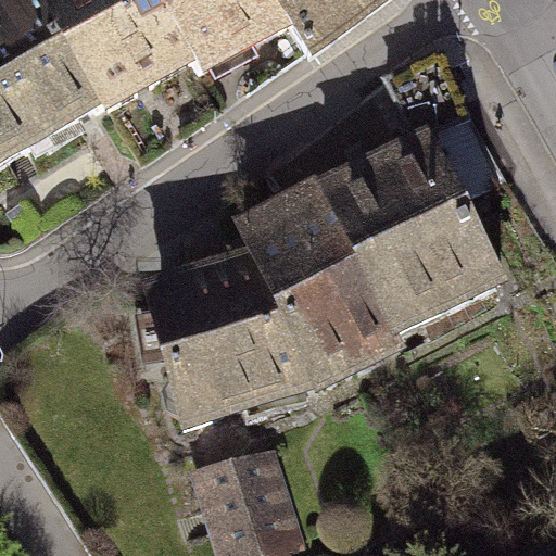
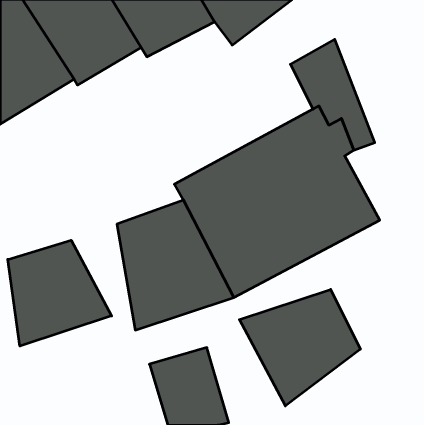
building: none -> [8,240,112,346]
building: none -> [239,289,360,406]

